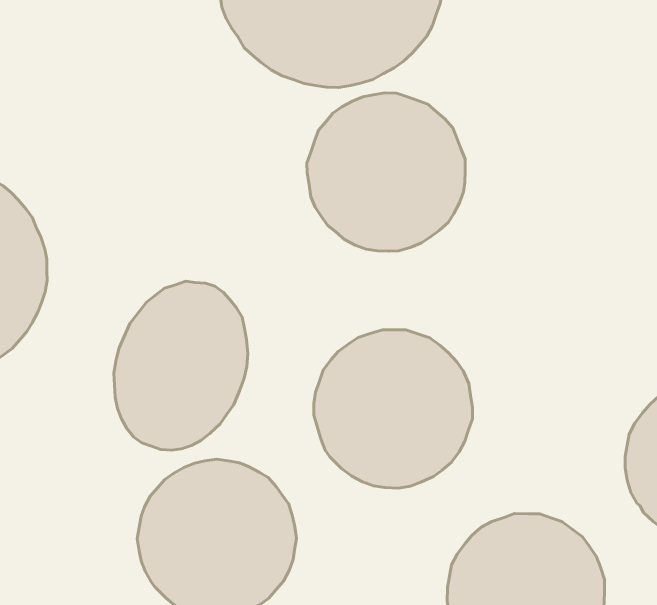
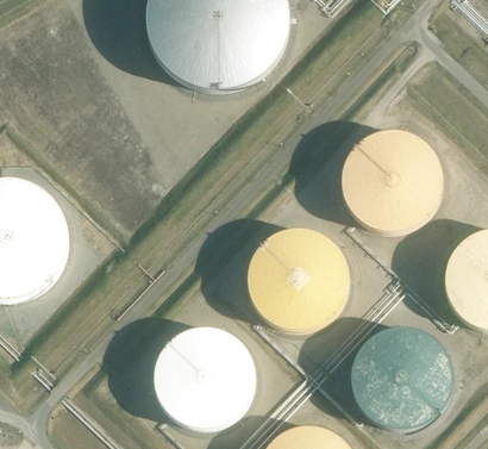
building: [307,93,465,251] -> [340,130,439,229]
building: [114,281,248,450] -> none

